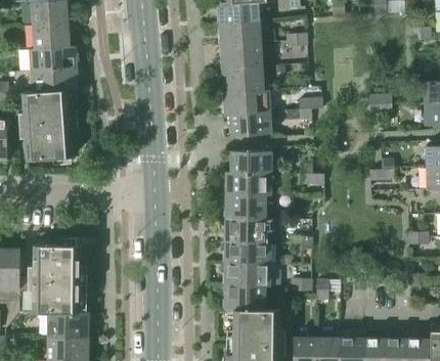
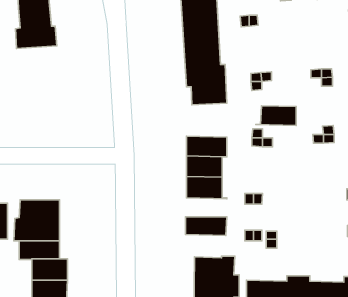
building: [18,69,78,161] -> none
building: [225,150,271,173] -> [256,106,296,125]
building: [224,242,271,264] -> none
building: [224,284,270,311] -> none

